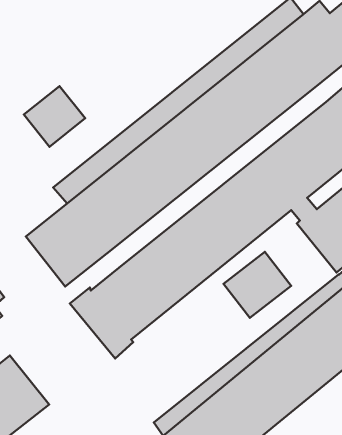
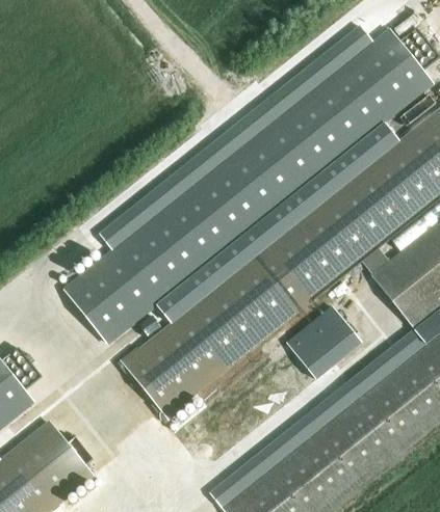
building: [24,86,85,147] -> none
building: none -> [157,125,399,323]

